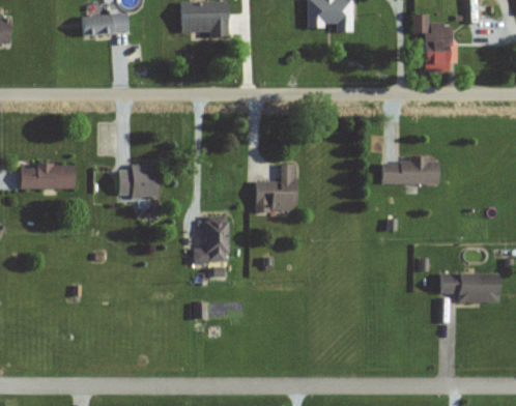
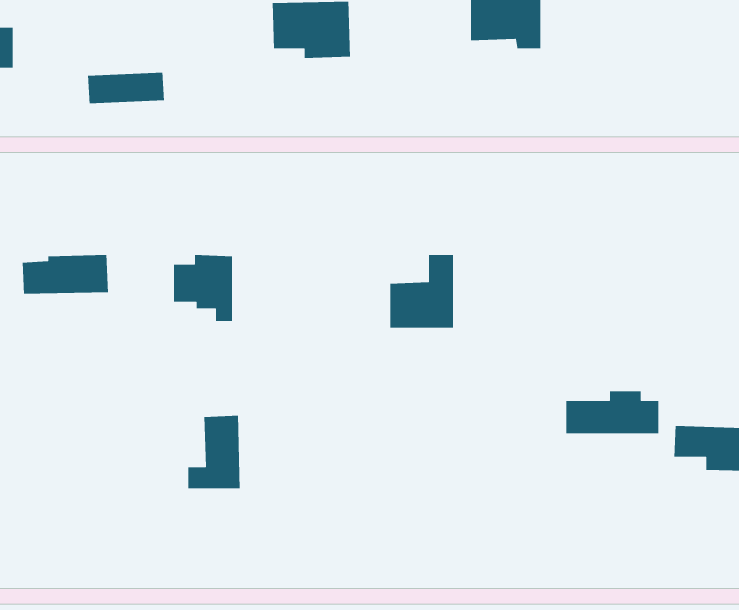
building: [80,14,130,35] -> [87,72,165,104]
building: [414,16,458,70] -> none
building: [380,156,440,184] -> [566,391,659,434]
building: [194,215,228,263] -> [187,415,241,489]

